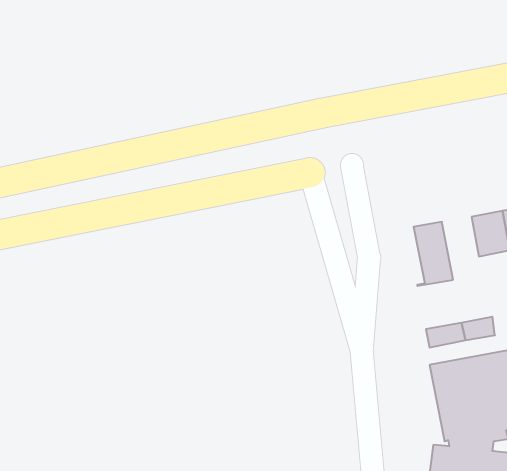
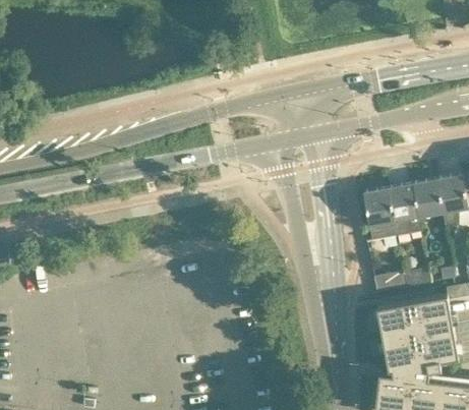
building: none -> [388,184,421,236]

